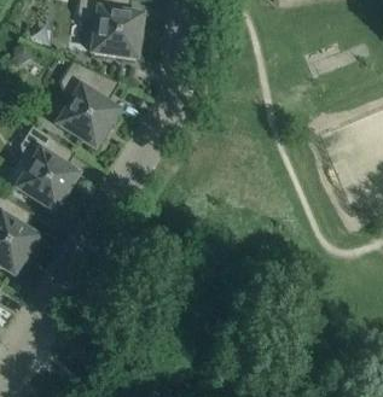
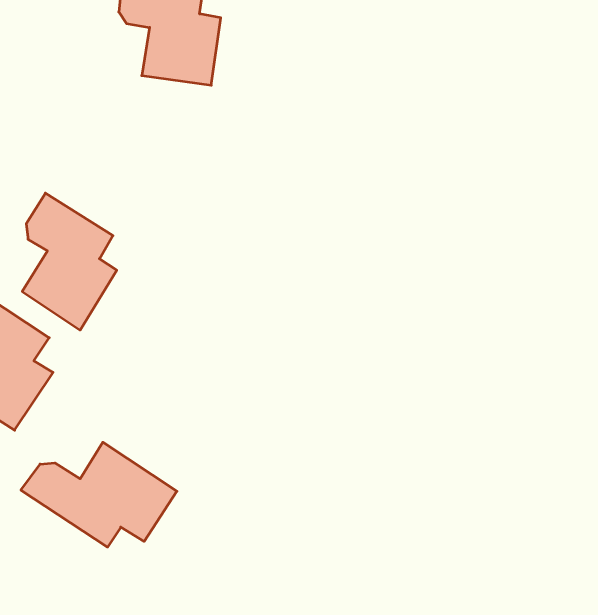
building: [57,63,118,147] -> none
building: none -> [21,442,177,547]

